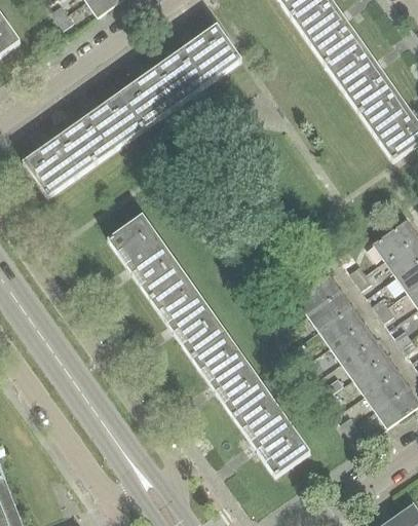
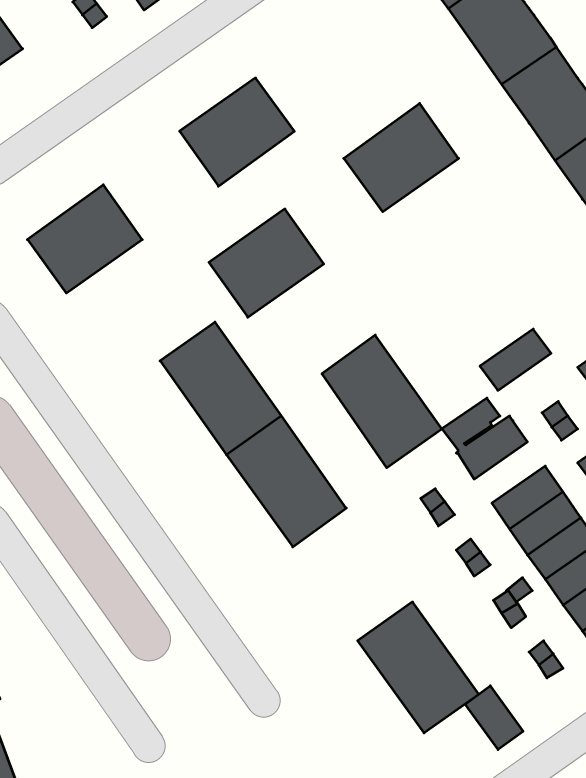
building: [168,25,241,93] -> [344,103,459,212]
building: [72,93,145,162] -> [209,209,324,317]
building: [307,291,352,330] -> [480,329,551,390]
building: [192,333,268,417] -> [322,335,442,468]
building: none -> [465,686,523,750]

